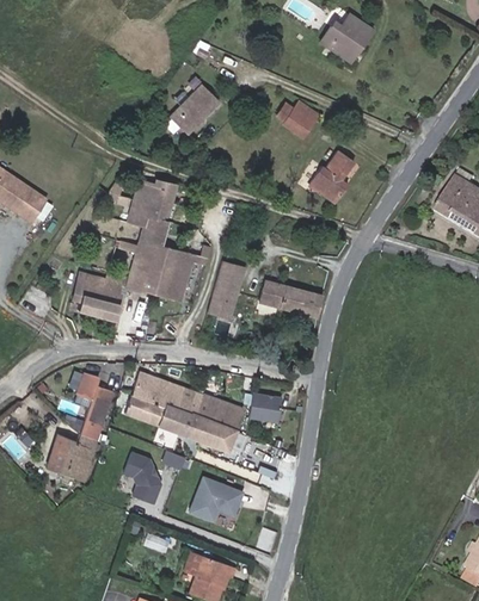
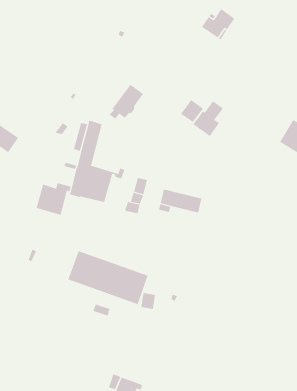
building: [168,85,220,137] -> [109,84,144,119]
building: [282,101,317,136] -> [180,99,204,123]
building: [45,372,112,479] -> none
building: [250,394,282,420] -> none
building: [123,452,161,503] -> none
building: [189,477,241,521] -> none

